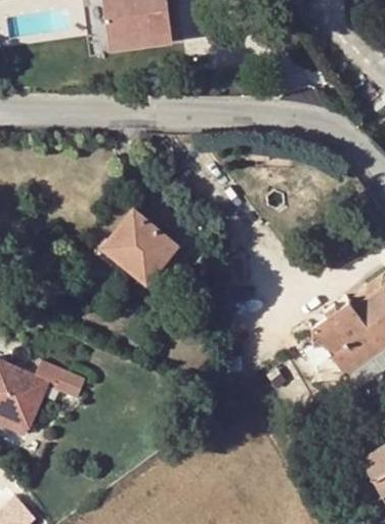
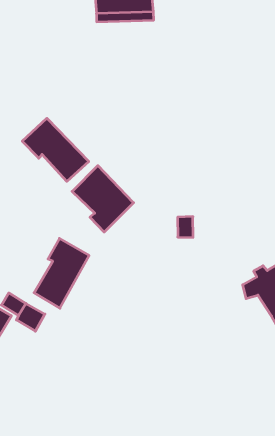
building: none -> [22,118,89,181]
building: none -> [34,238,89,308]

